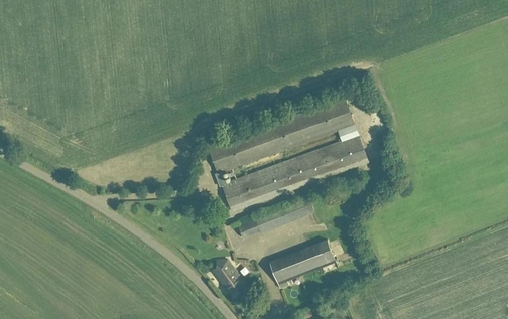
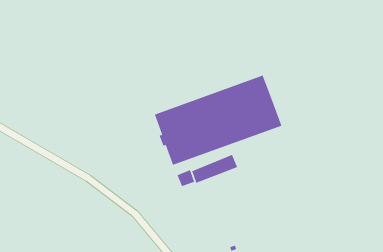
building: [269,240,335,288] -> none
building: [212,260,246,298] -> none

